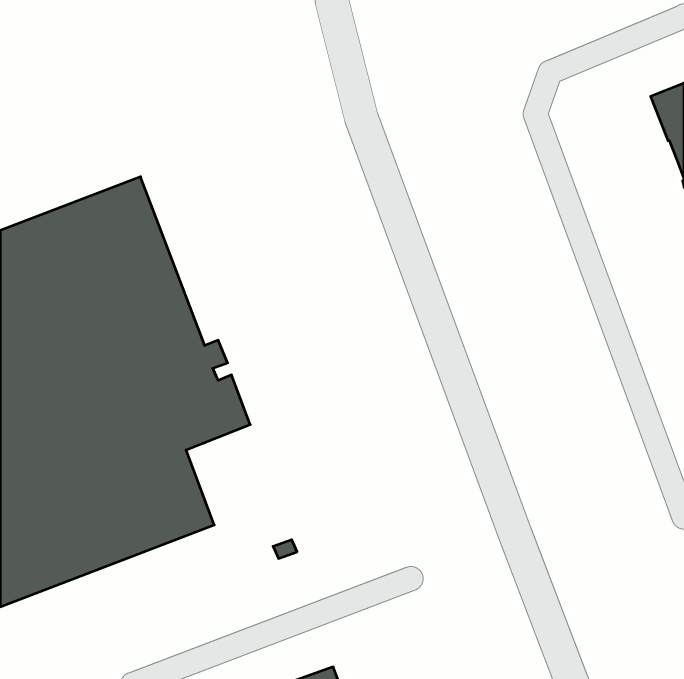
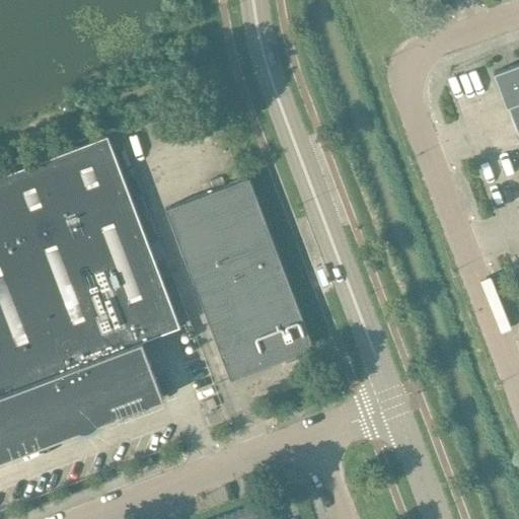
building: none -> [164,180,312,382]

